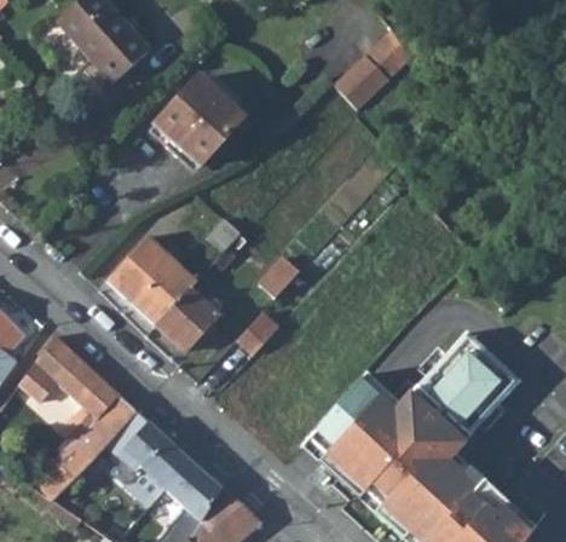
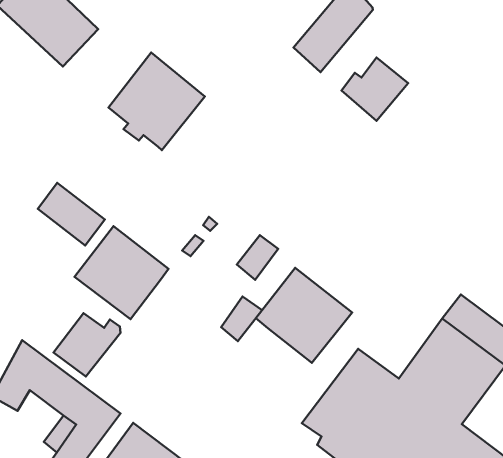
building: none -> [342,57,408,121]
building: none -> [38,183,105,245]
building: [155,290,219,350] -> [53,313,120,377]
building: none -> [256,268,352,363]

